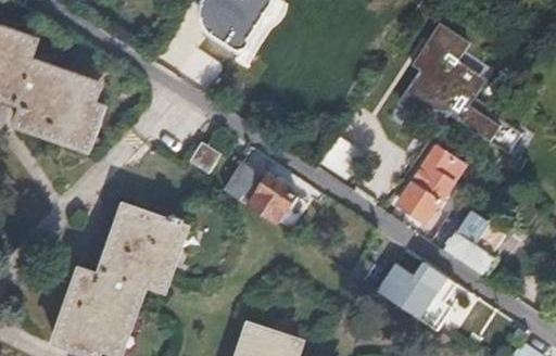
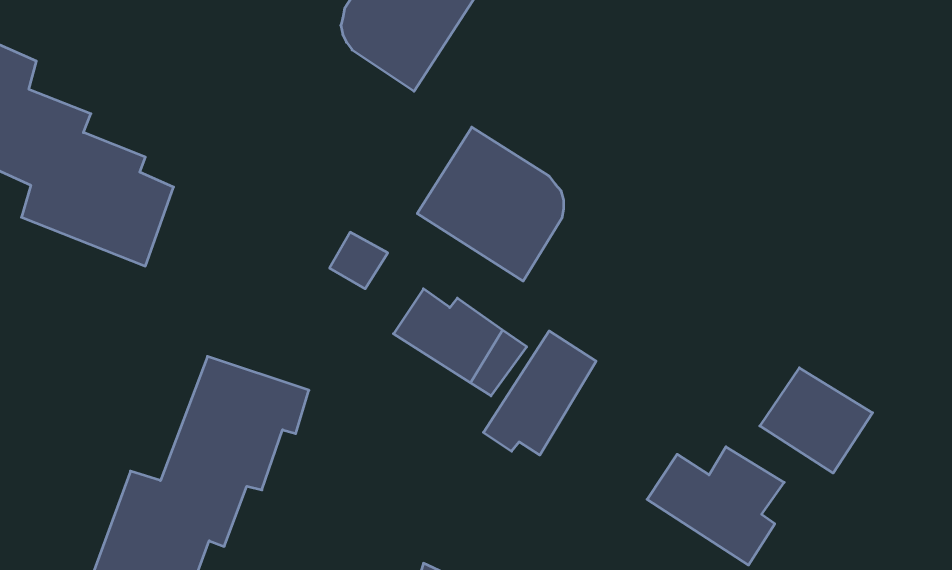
building: [395,21,520,152] -> none
building: none -> [417,127,564,281]
building: [400,142,465,214] -> [483,331,596,455]

